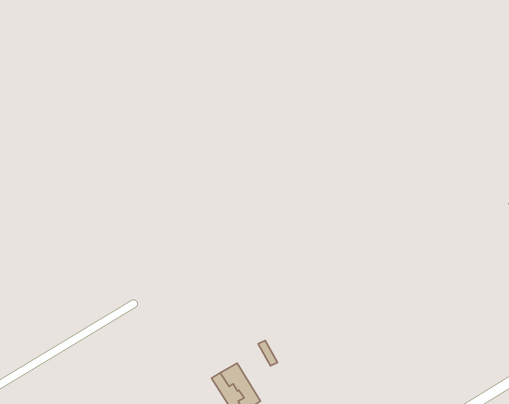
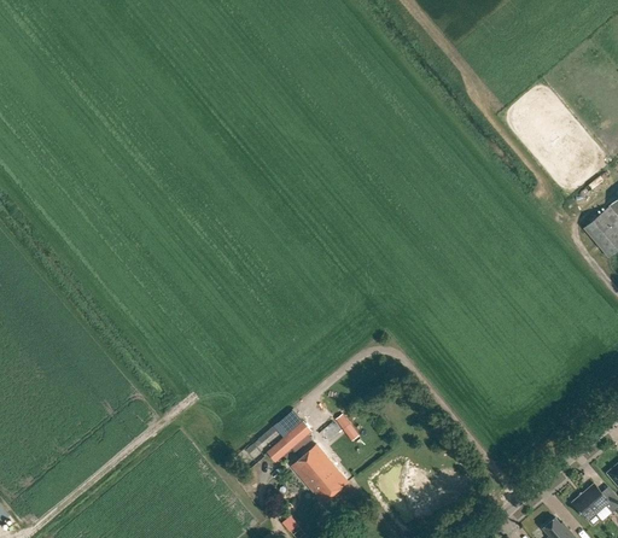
building: none -> [267,421,311,462]

